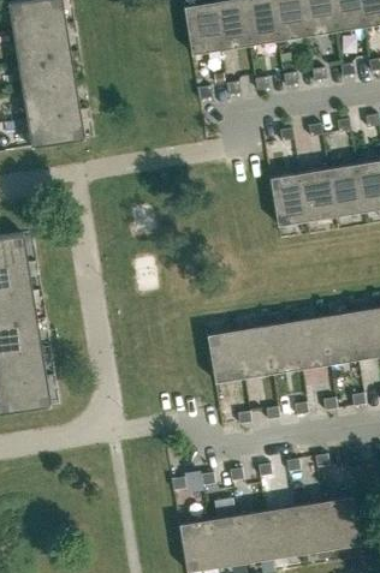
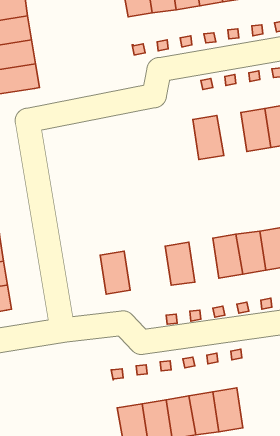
building: [299,168,336,220] -> none
building: [266,320,302,372] -> none
building: [208,329,244,381] -> [100,251,130,294]
building: [323,495,361,548] -> none

